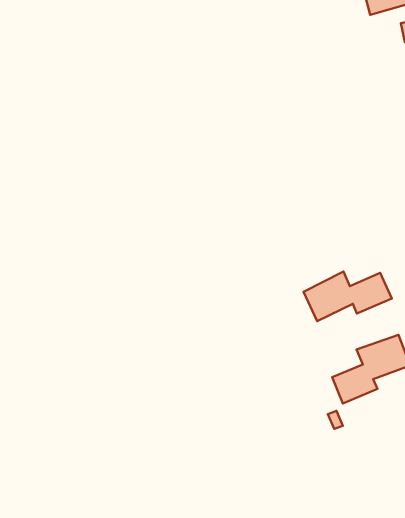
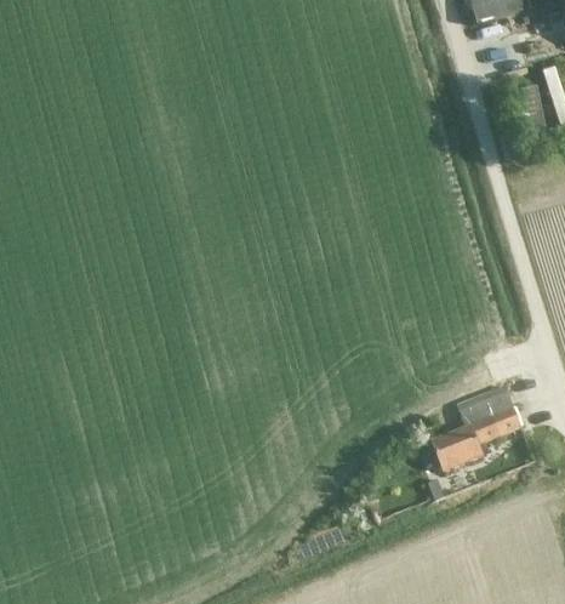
building: [303,272,392,321] -> none

